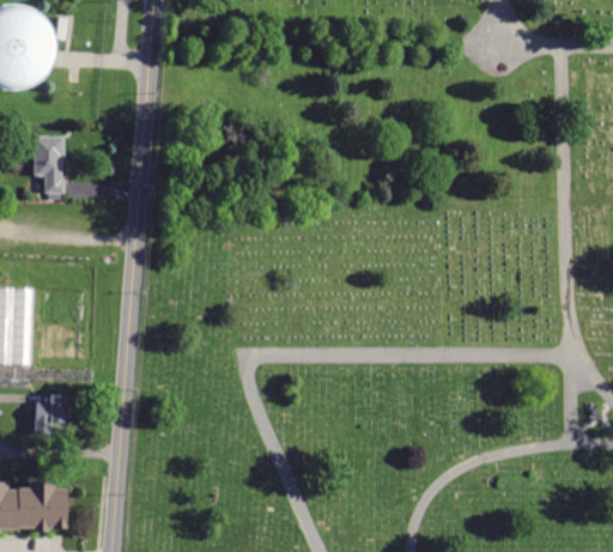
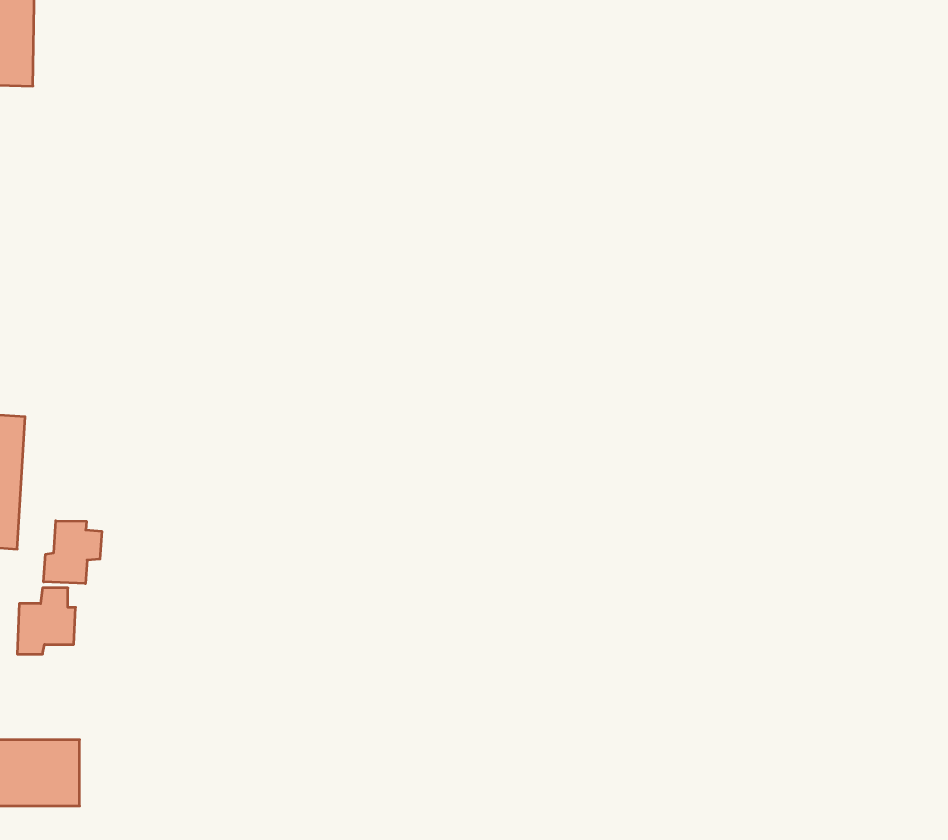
building: [31,137,63,194] -> none
building: none -> [44,521,102,584]

